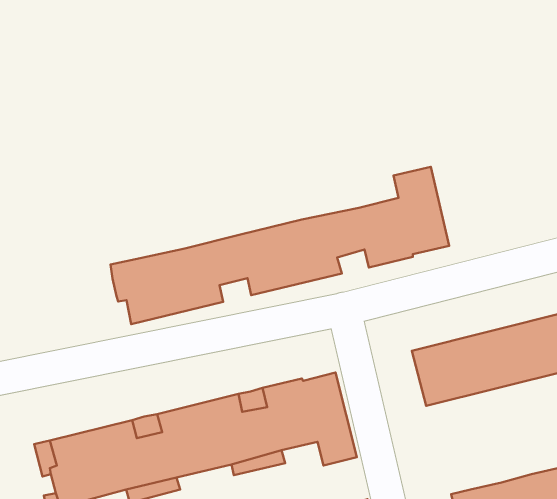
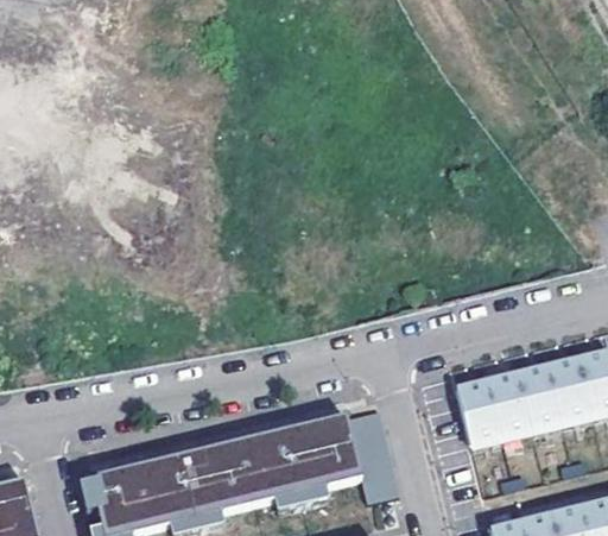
building: [111,167,449,324] -> none

